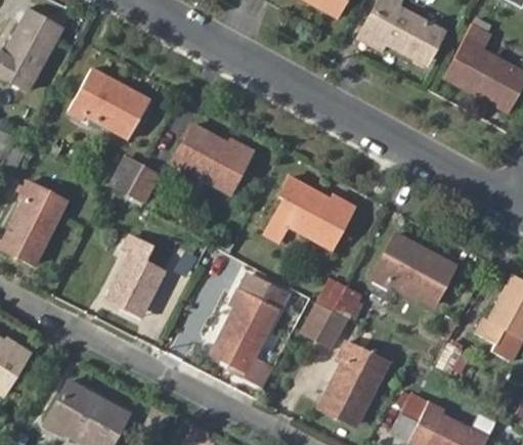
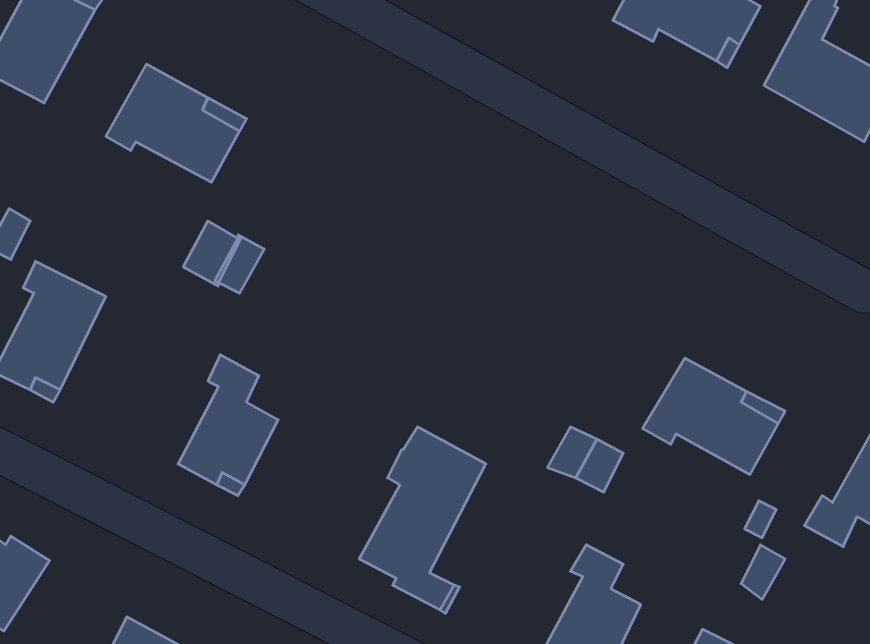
building: [168,121,253,191] -> none
building: [267,176,357,249] -> none
building: [302,304,341,346] -> none

